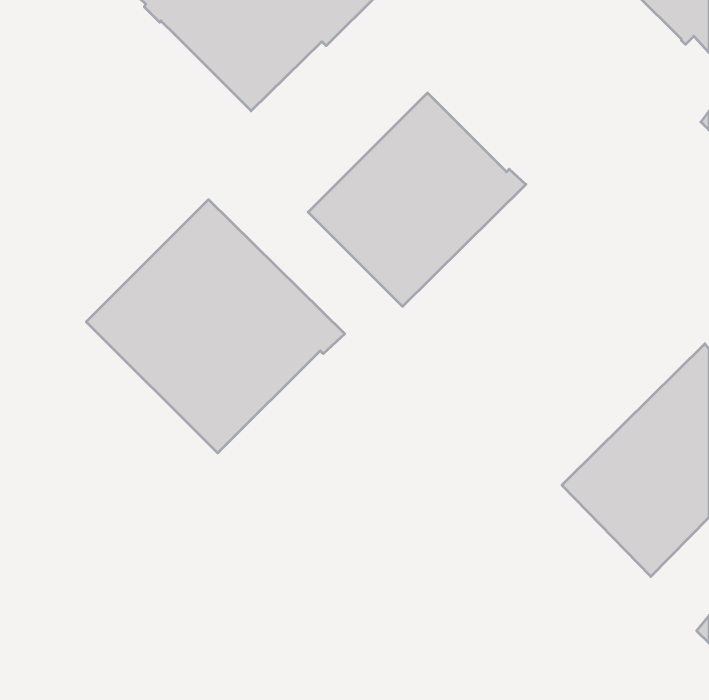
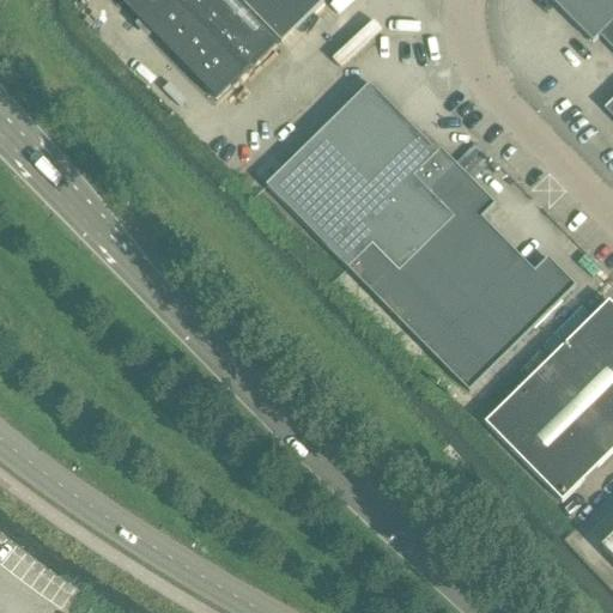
building: none -> [347,159,575,387]
building: [86,200,345,453] -> none

